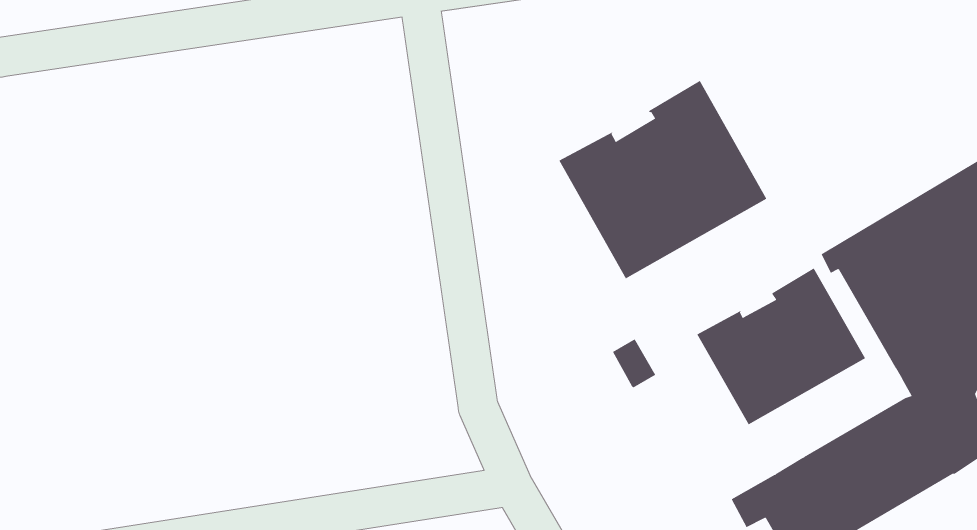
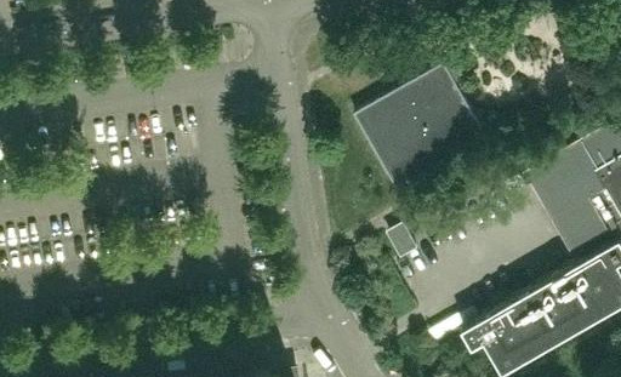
building: [696,268,866,425] -> none

